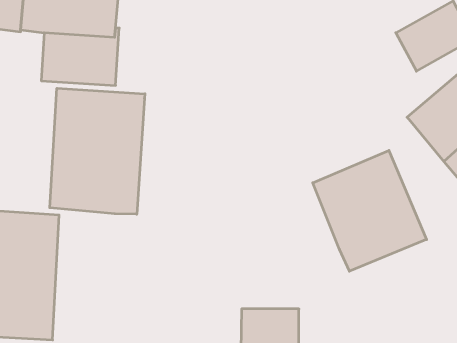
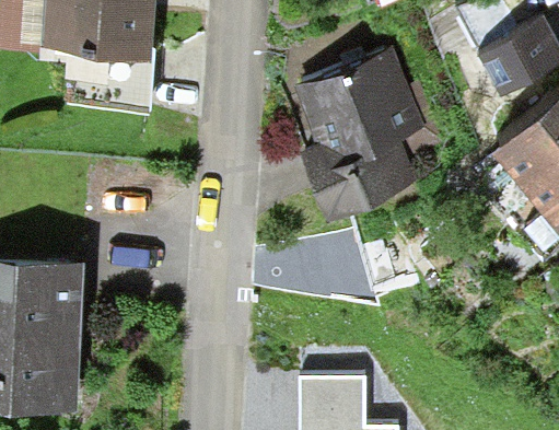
building: none -> [292,46,427,220]
building: [50,88,145,214] -> none
building: [313,150,427,271] -> none

